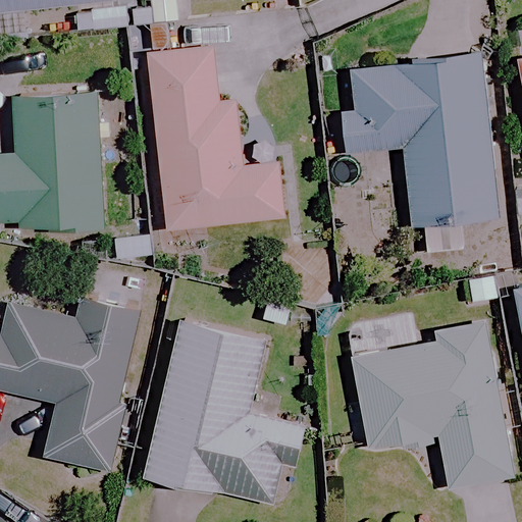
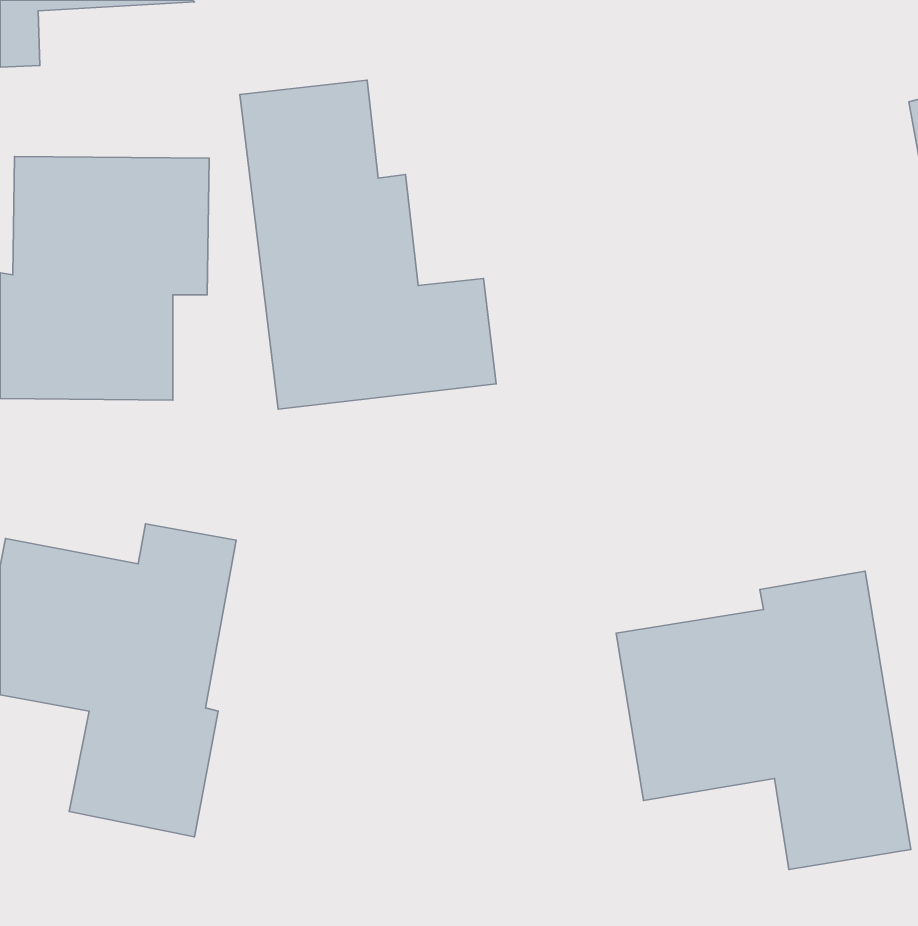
building: [338,50,495,227] -> none
building: [144,317,308,505] -> none

